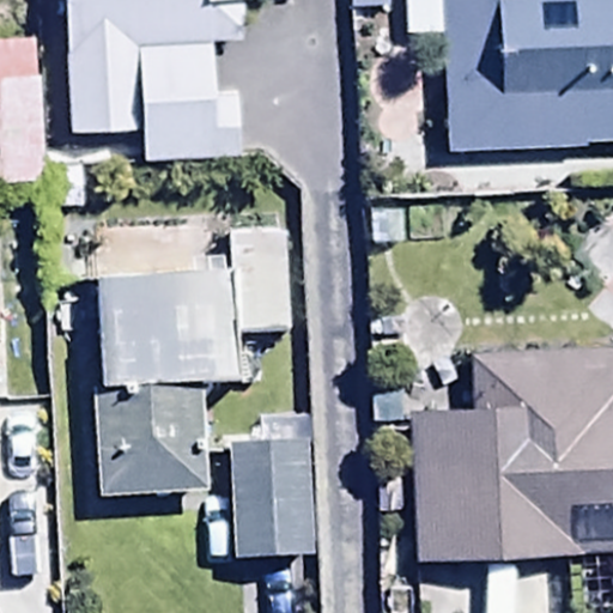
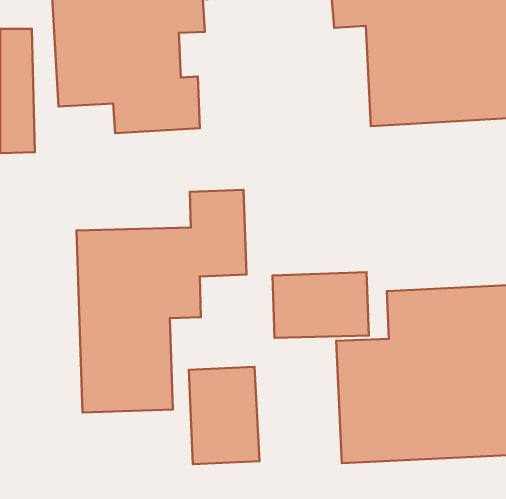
building: none -> [272,272,369,338]

